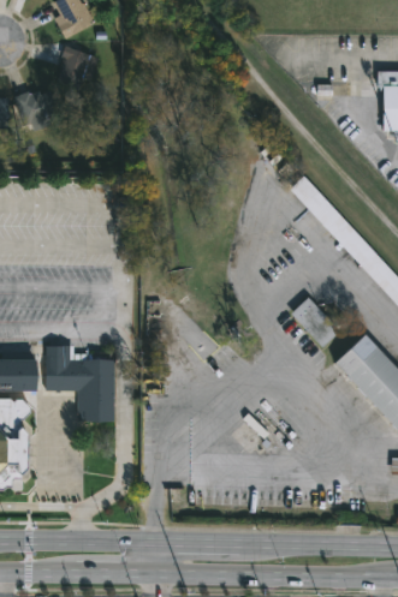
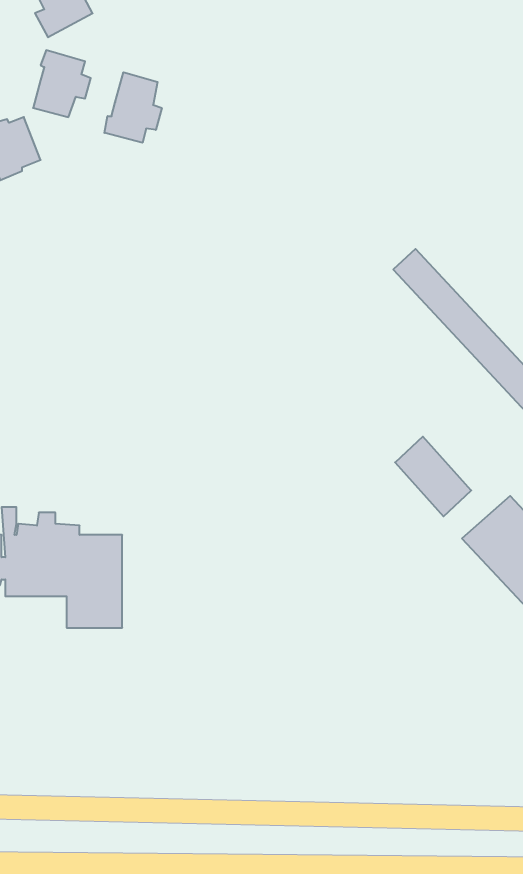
building: none -> [104,72,162,143]

